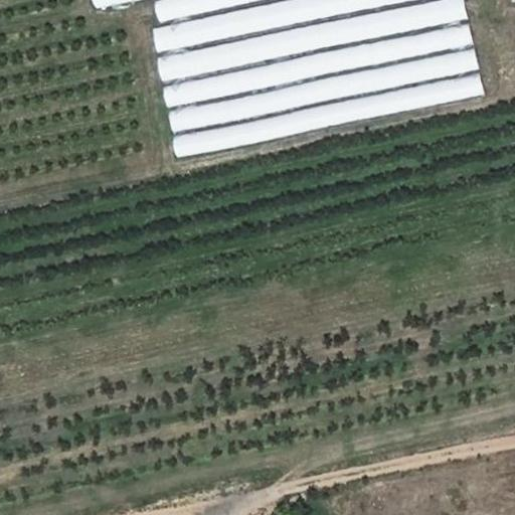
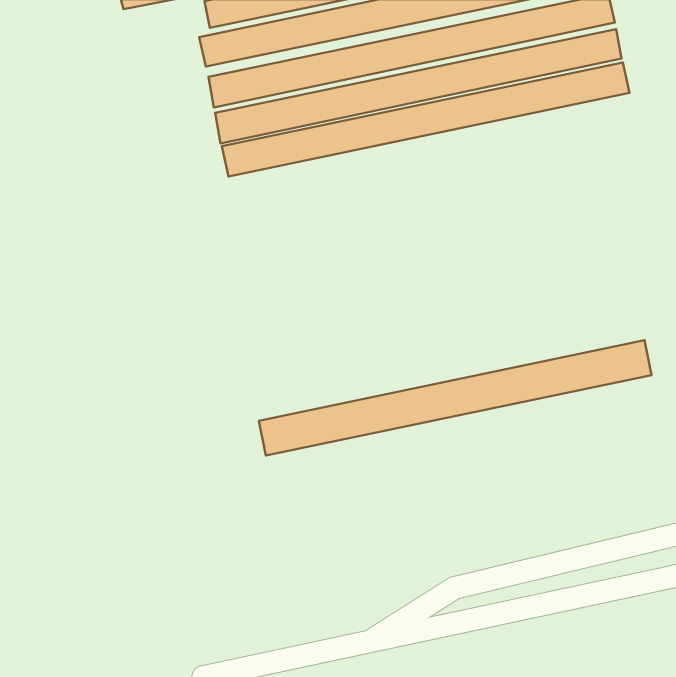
building: [173,71,482,158] -> none
building: none -> [259,340,651,455]

